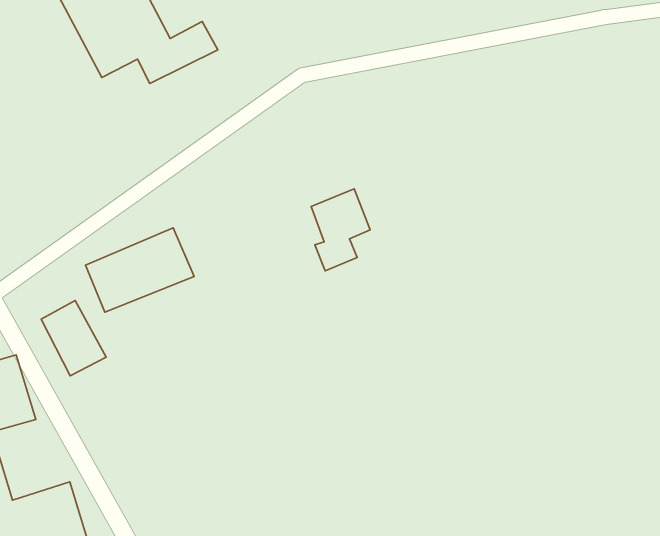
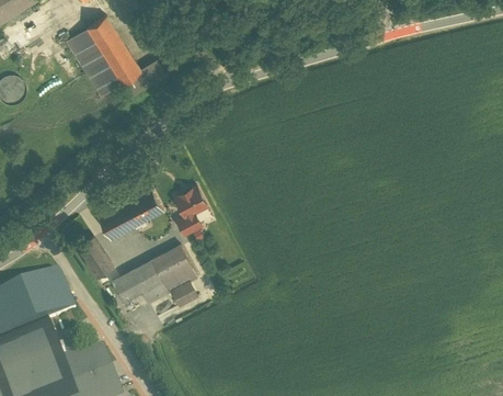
building: [311,189,370,271] -> [172,182,209,234]
building: none -> [110,242,198,306]

